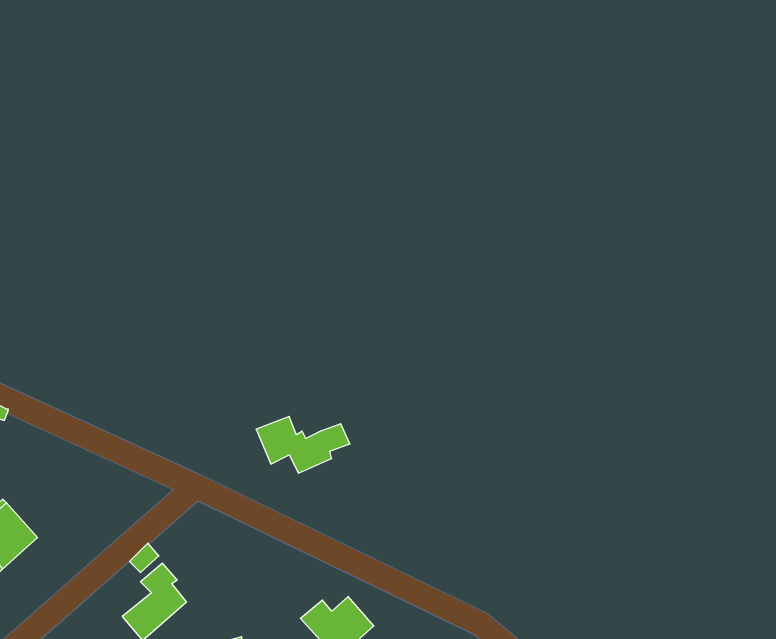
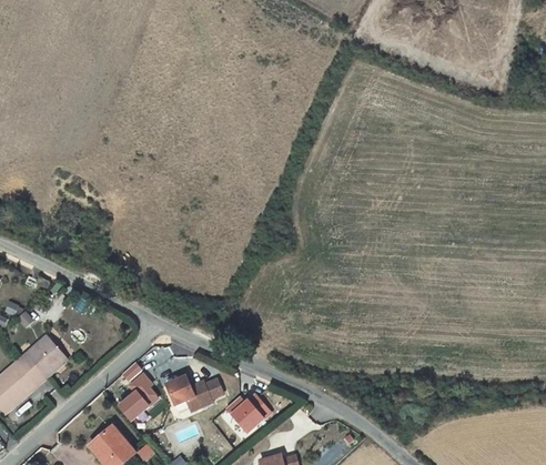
building: [256,416,350,473] -> [165,376,222,411]

